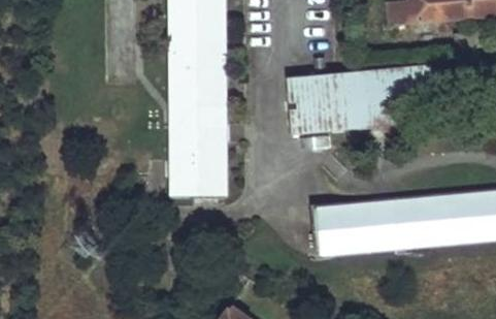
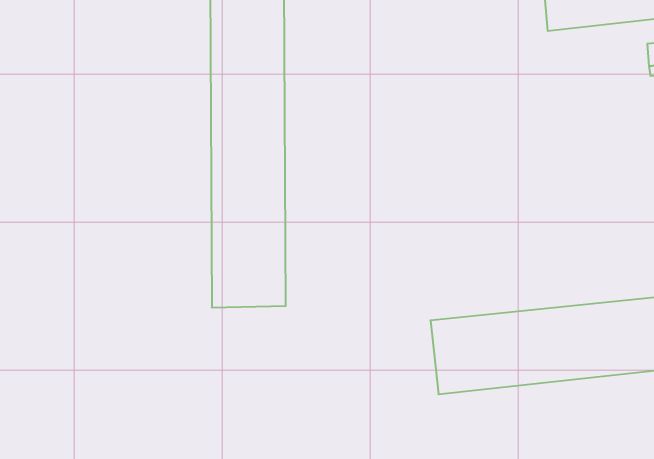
building: [286,65,432,135] -> none

